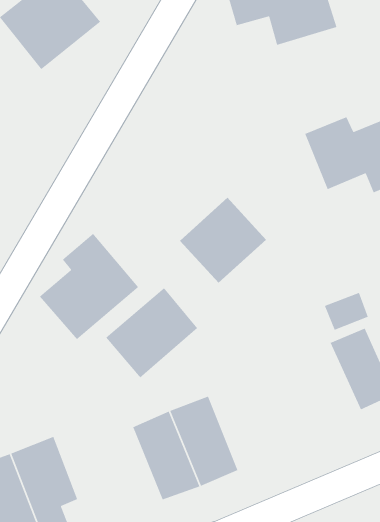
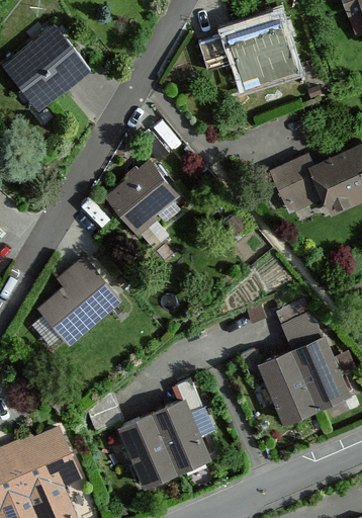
building: [179,197,267,284] -> [105,160,182,236]
building: [105,287,198,378] -> none
building: none -> [257,350,319,425]

